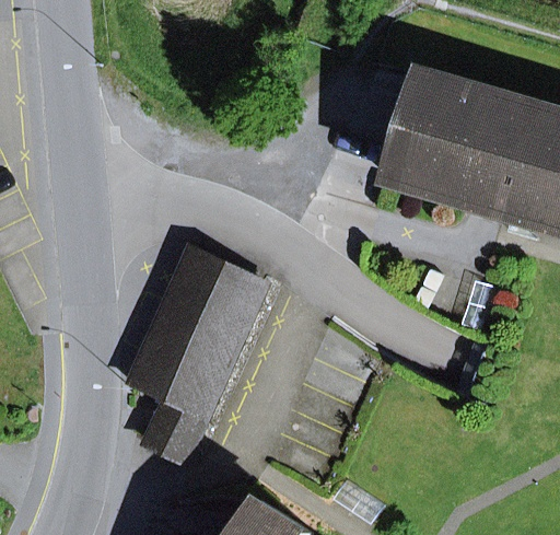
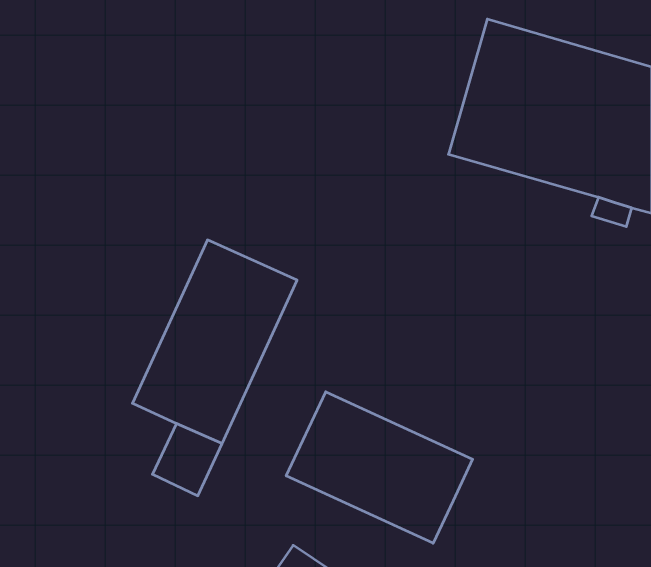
building: none -> [286,392,473,543]

